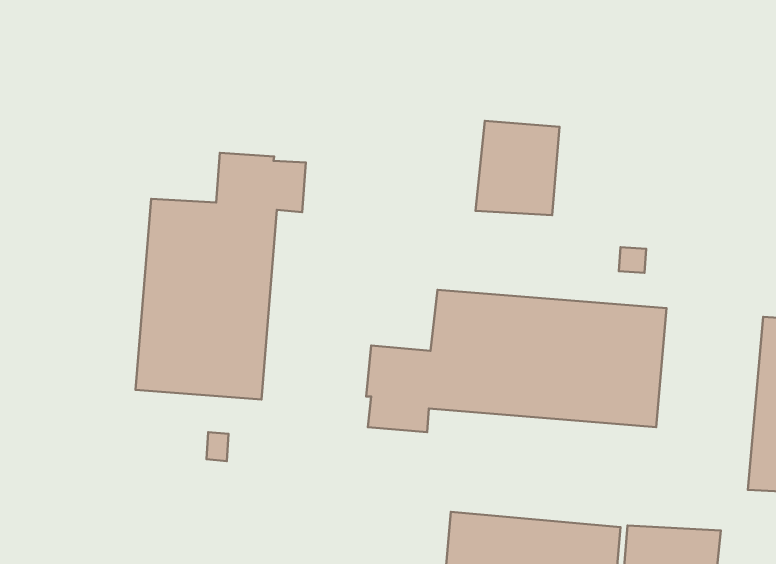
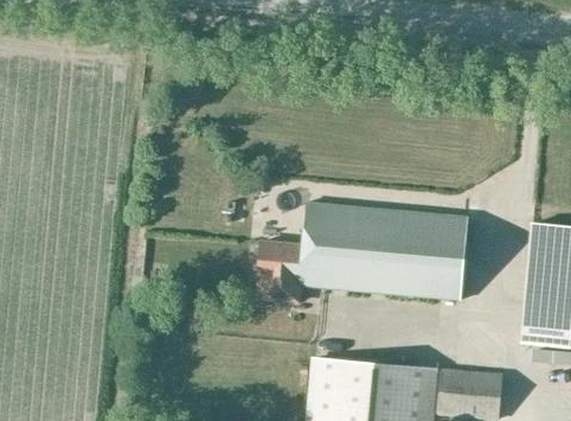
building: [475,121,559,215] -> none
building: [135,153,306,400] -> none

